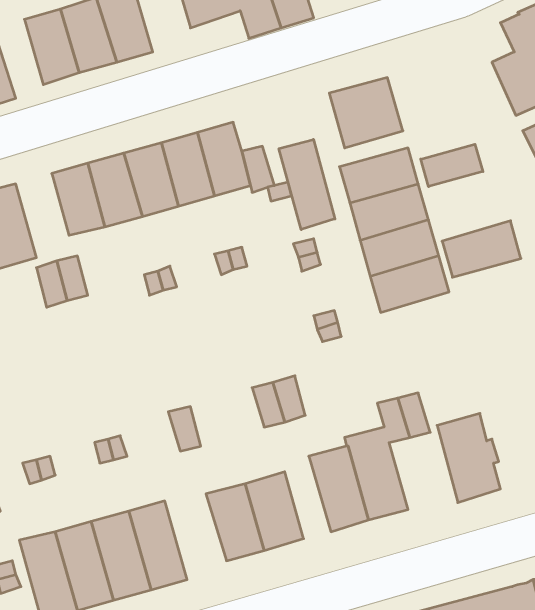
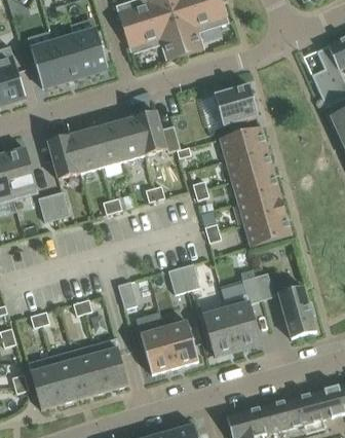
building: [279,139,335,230] -> none
building: [421,144,483,187] -> none
building: [442,221,521,277] -> [244,212,292,246]

